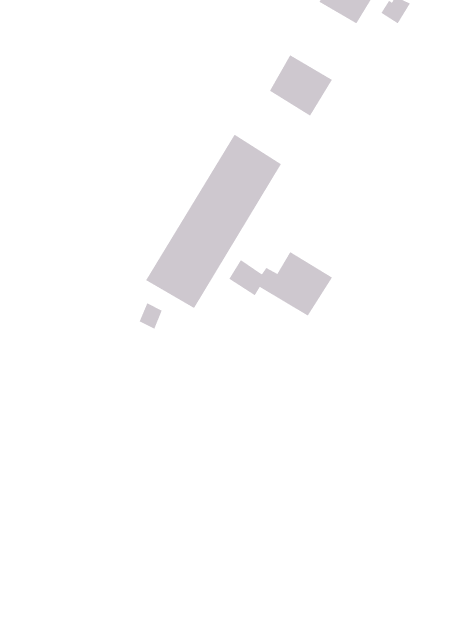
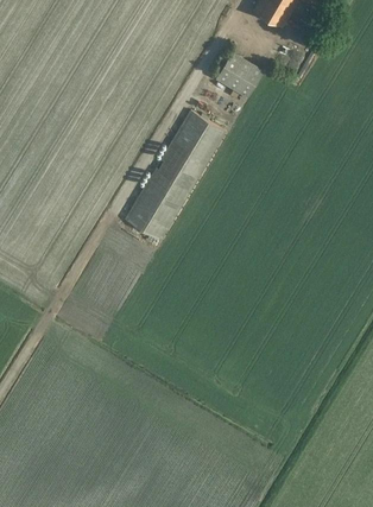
building: [229,251,333,317] -> none

